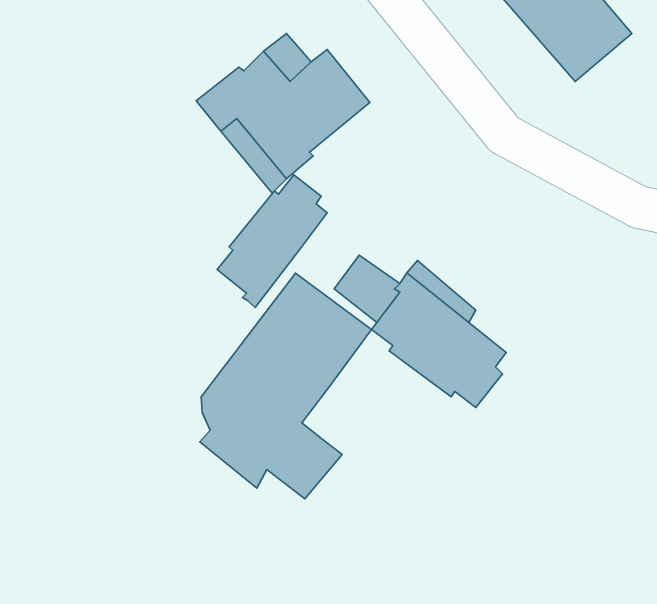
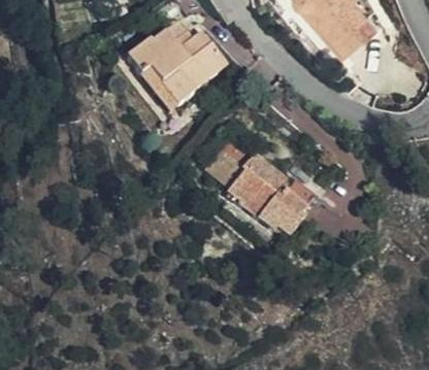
building: [217,175,327,308] -> none
building: [200,273,371,499] -> none

